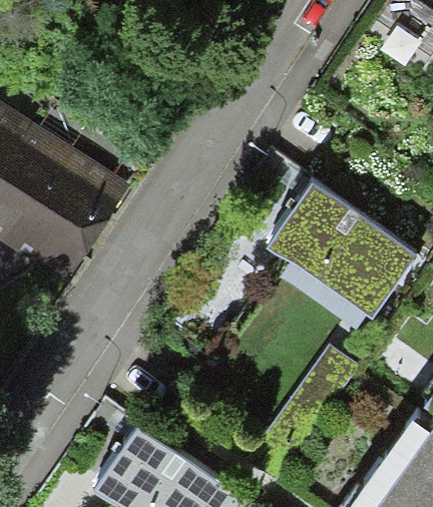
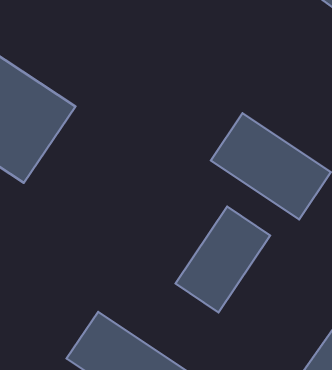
building: none -> [175,207,270,313]

